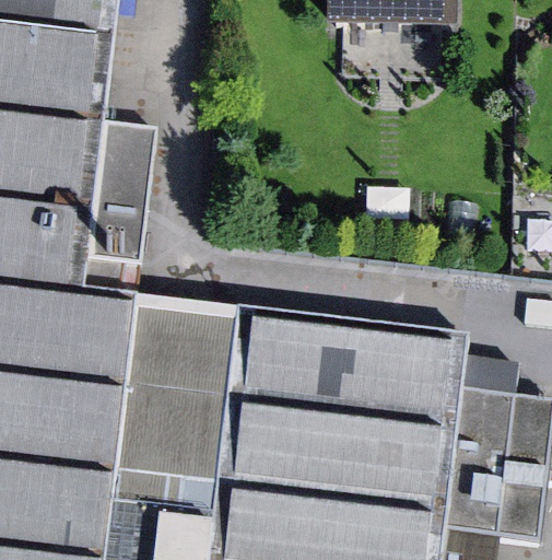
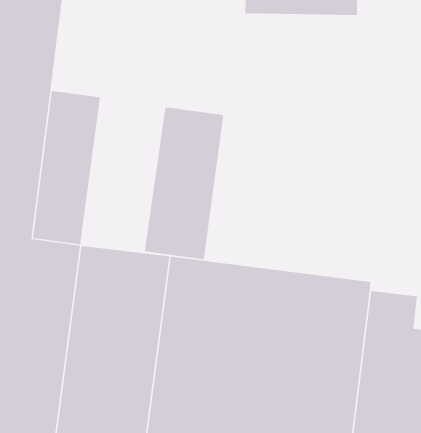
building: none -> [144,107,224,260]

